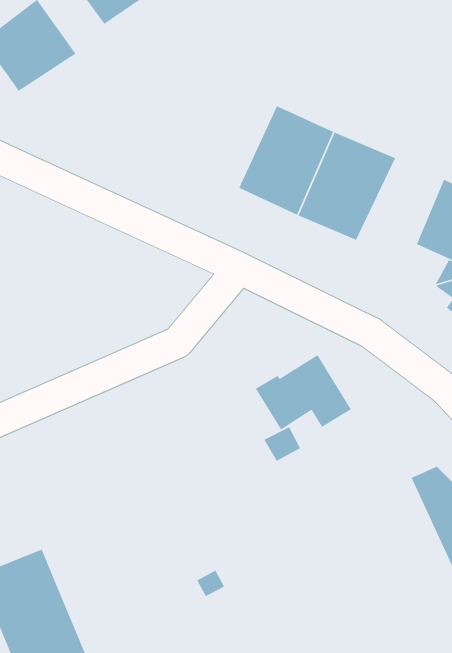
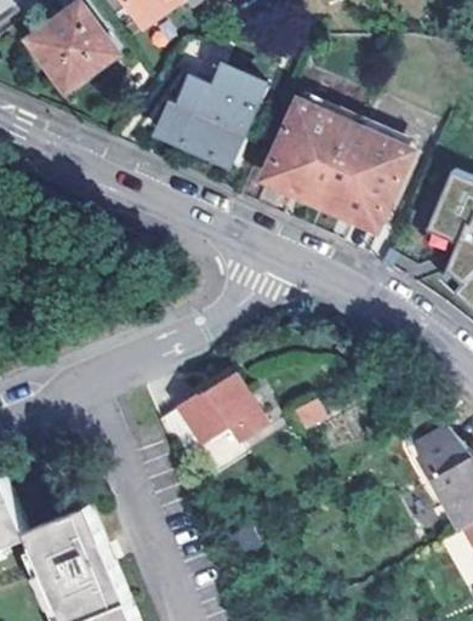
building: none -> [167,64,268,161]
building: [255,354,352,430] -> [175,376,264,446]

